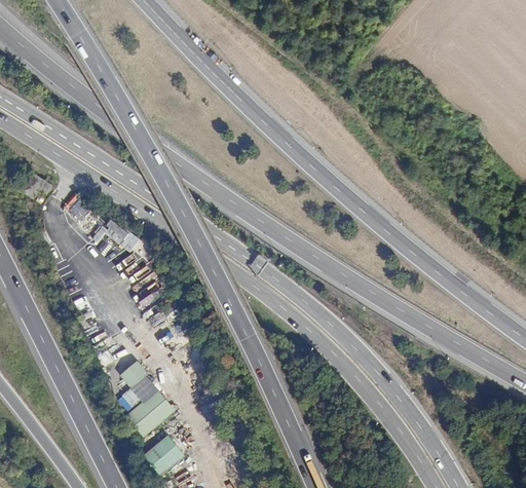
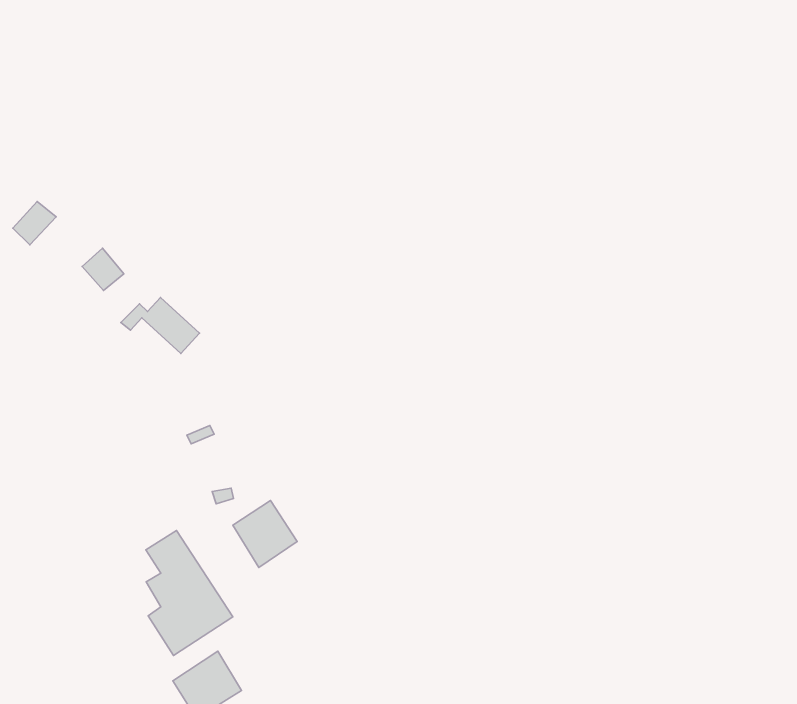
building: none -> [233,500,297,568]

